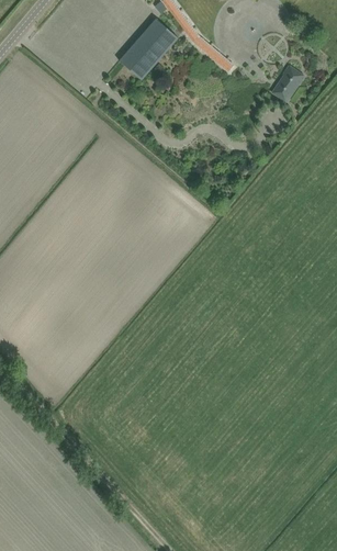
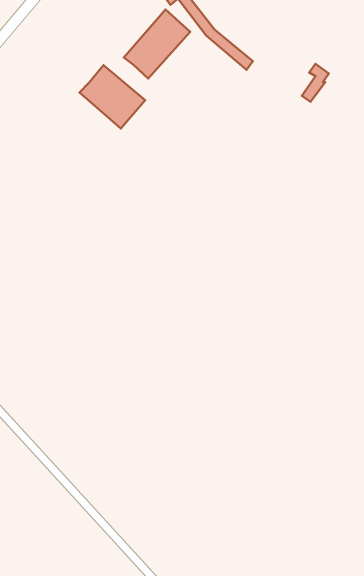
building: none -> [79,65,145,129]

